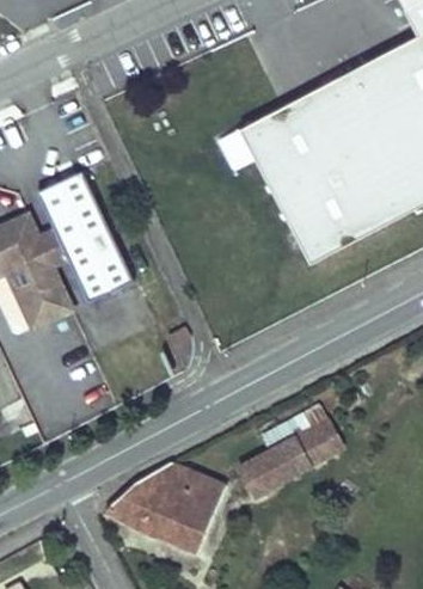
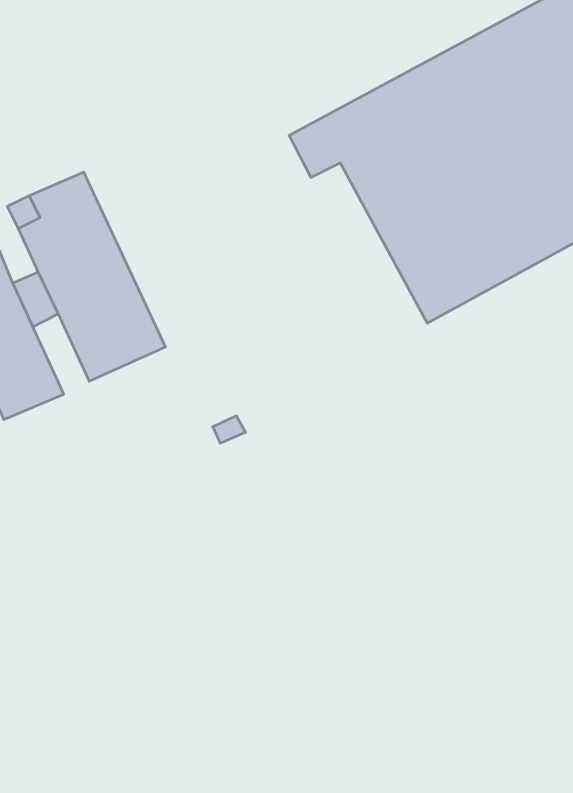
building: [240,406,344,496] -> none
building: [110,465,225,548] -> none

